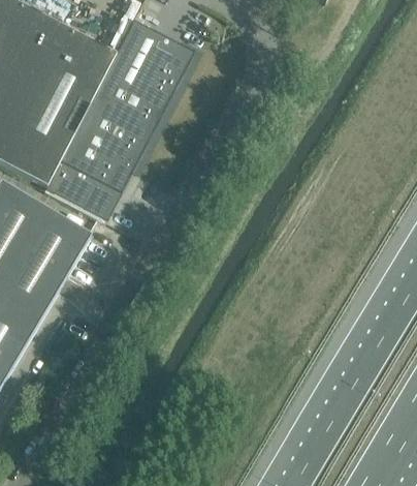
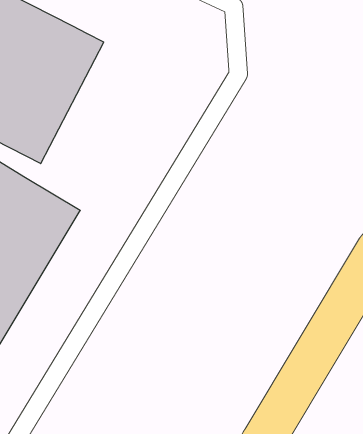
building: [43,18,194,220] -> none

